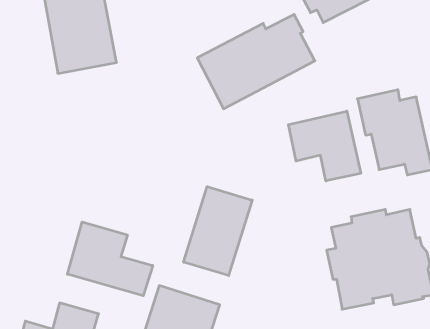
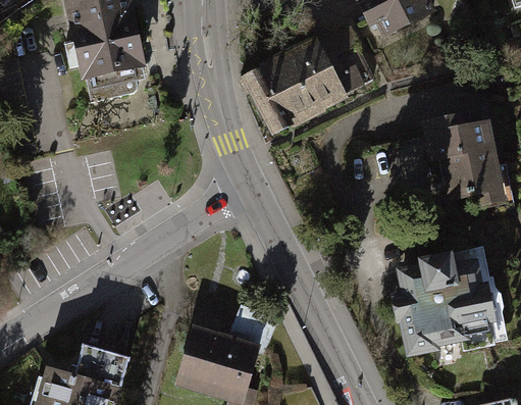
building: [288,111,361,181] -> none
building: [184,187,252,276] -> none
building: [67,222,153,296] -> none

